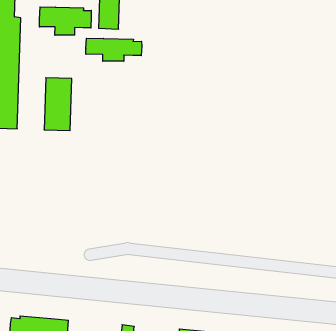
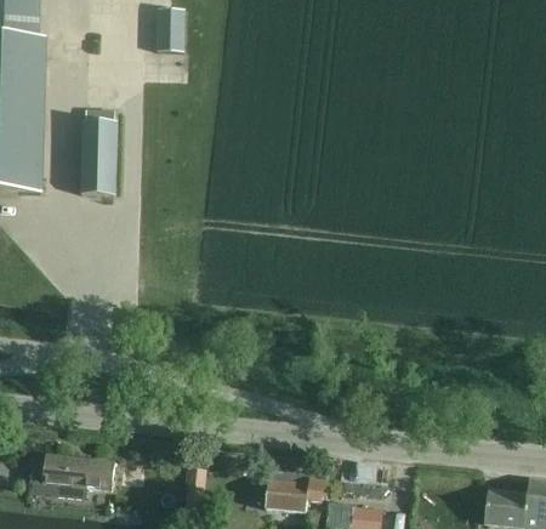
building: [39,7,91,35] -> none
building: [86,38,142,61] -> none

